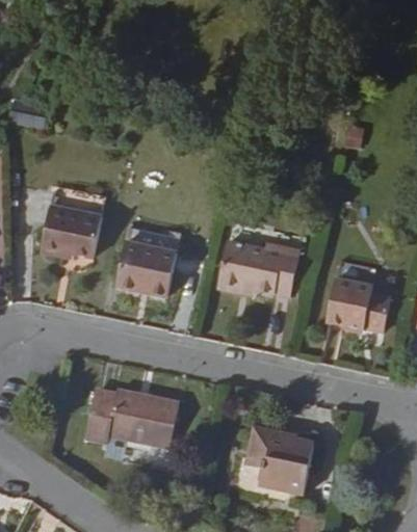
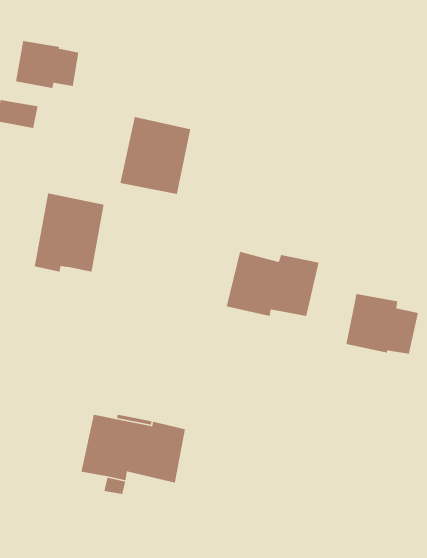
building: none -> [15,40,79,89]
building: [114,227,180,298] -> [119,116,191,195]
building: [243,427,314,496] -> none

